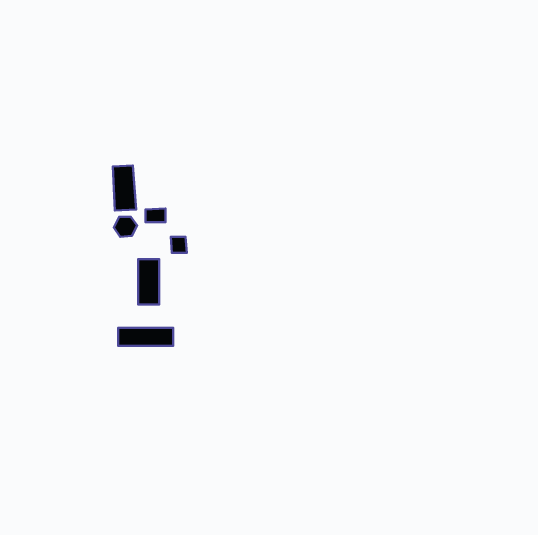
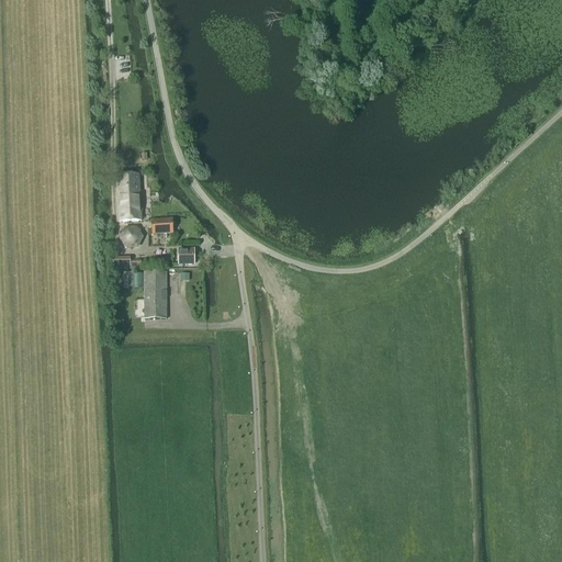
building: [118,328,173,346] -> none

